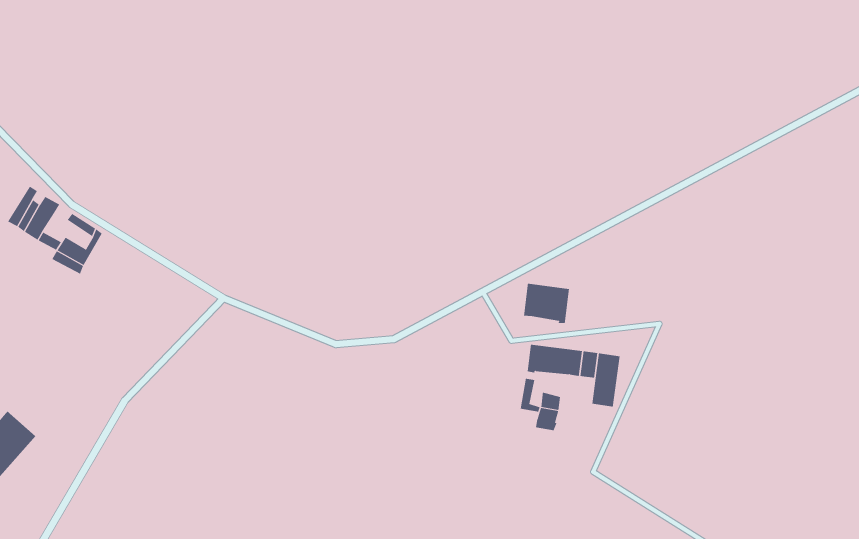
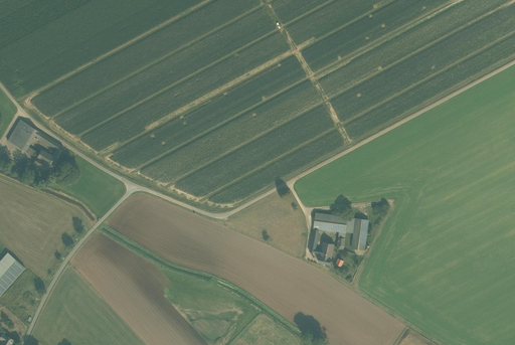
building: [523,283,570,324] -> none

